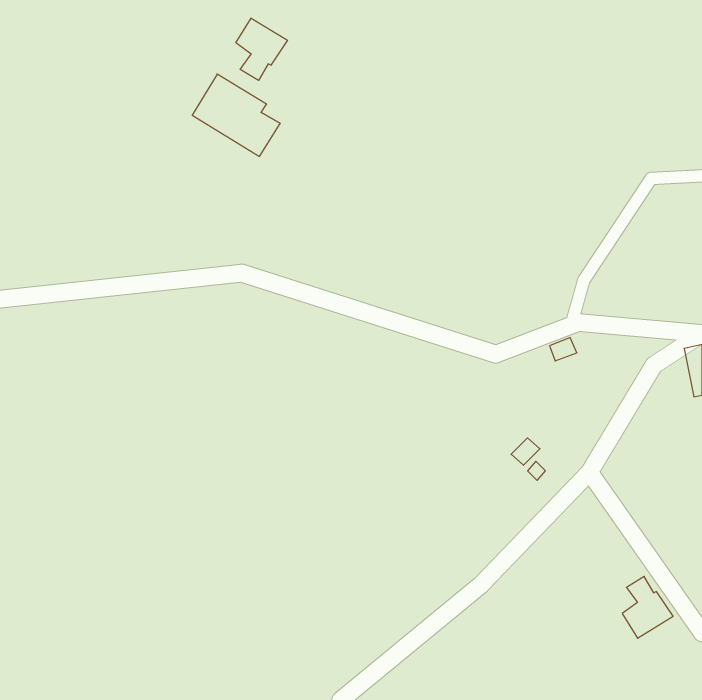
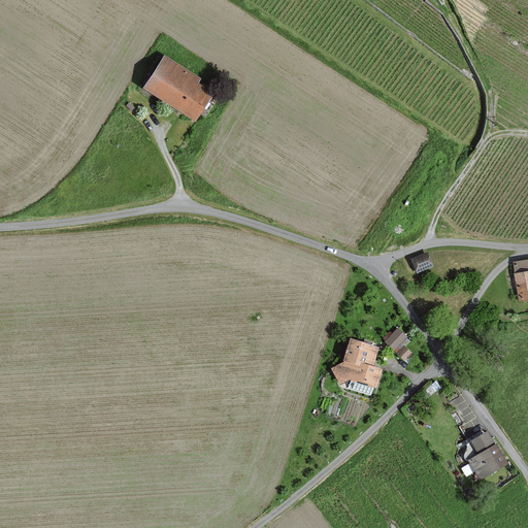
building: [236,18,287,80] -> none
building: none -> [330,338,380,387]

